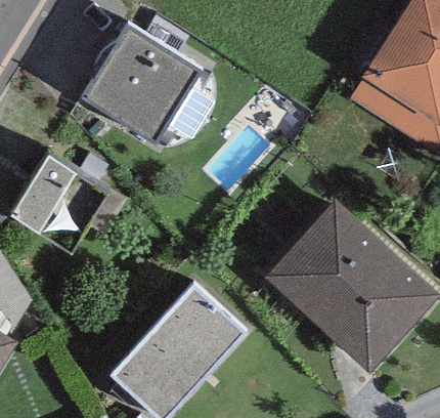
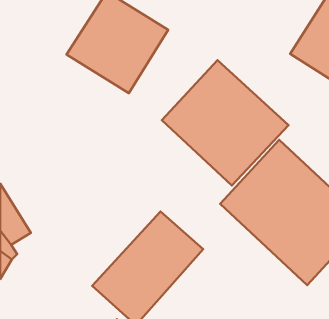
building: none -> [162,60,289,186]
building: [8,154,105,252] -> none

